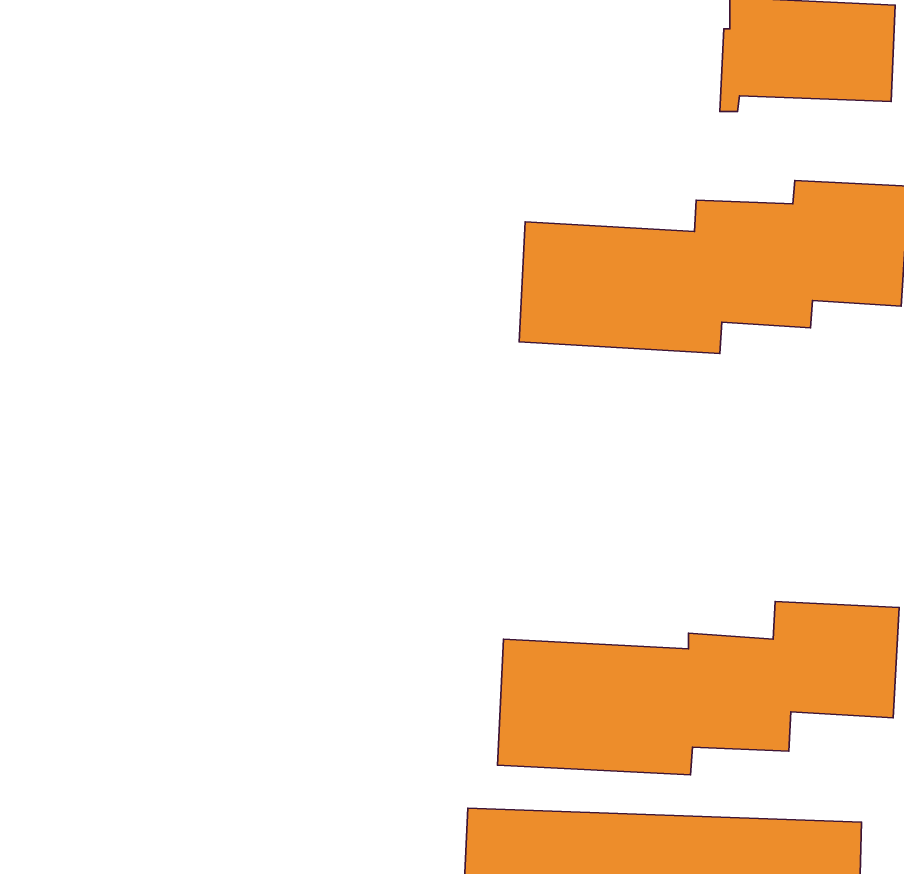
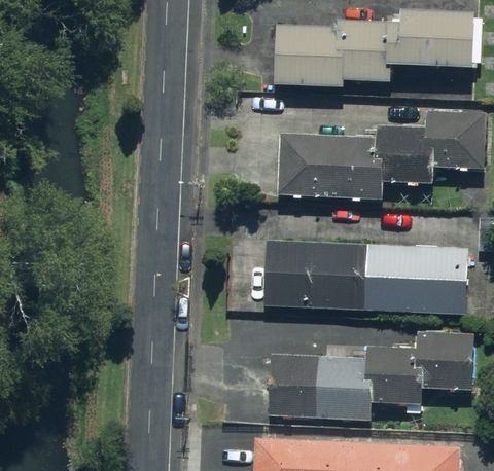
building: none -> [276,24,393,87]
building: none -> [264,241,468,314]

